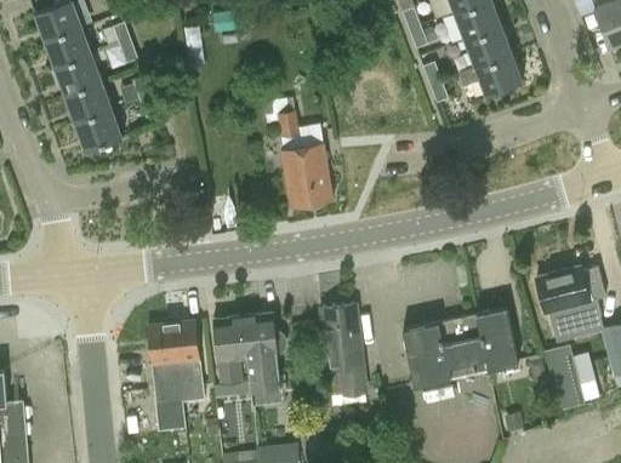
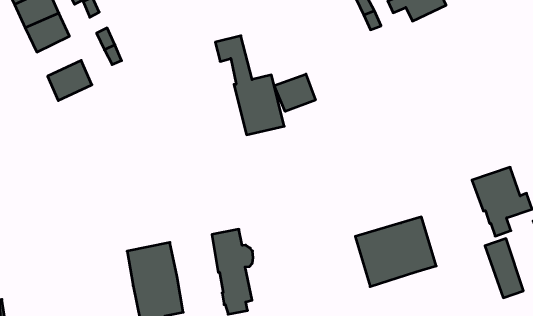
building: [64,82,113,125] -> none
building: none -> [274,74,315,111]
building: [321,303,364,394] -> none
building: [477,307,518,370] -> none
building: [212,315,250,398] -> none

